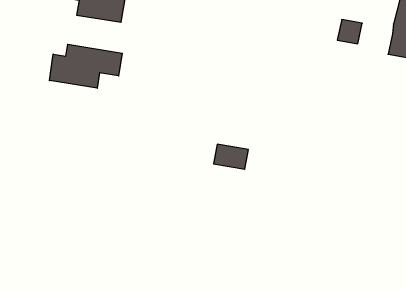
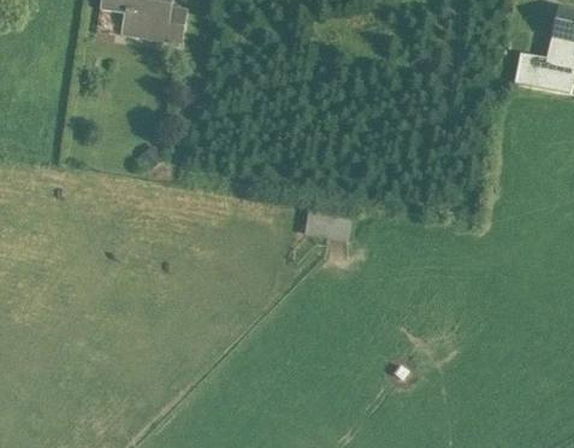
building: [337,20,362,44] -> [514,53,548,86]
building: [49,44,122,88] -> none

